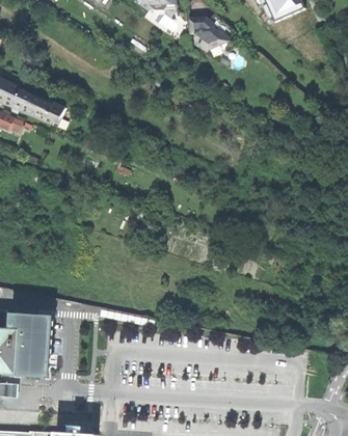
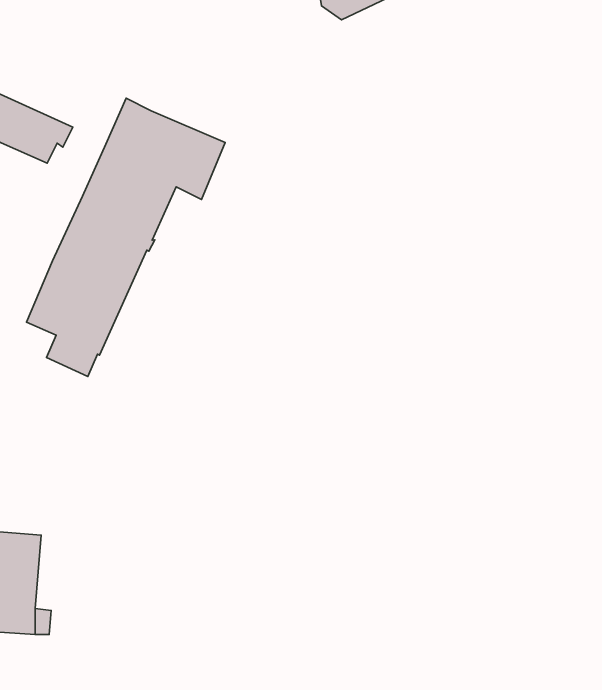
building: none -> [26,98,225,377]

